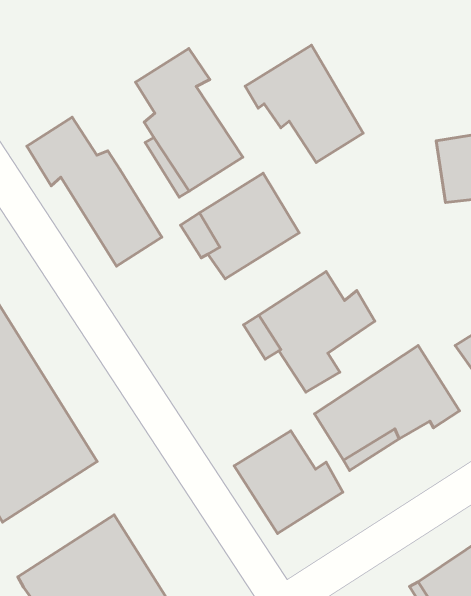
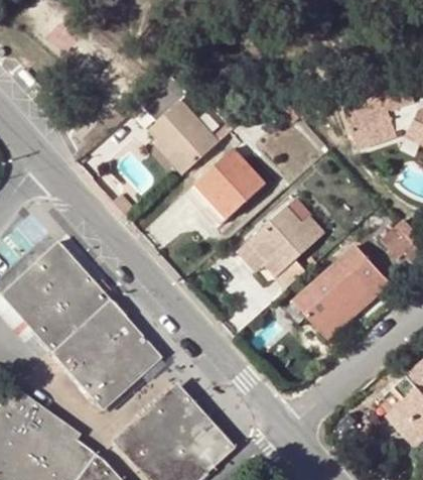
building: [245,45,363,162] -> none
building: [27,117,162,266] -> none
building: [234,431,343,533] -> none

